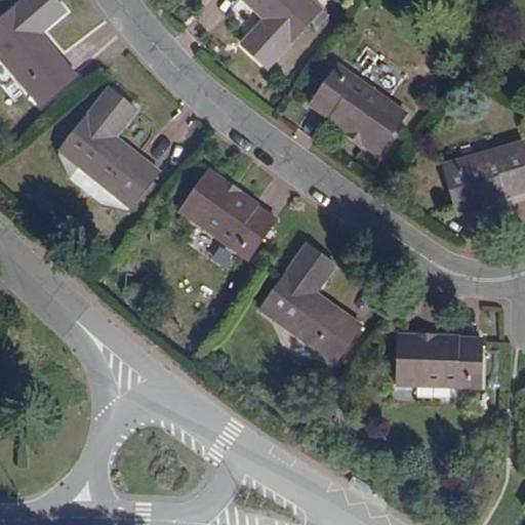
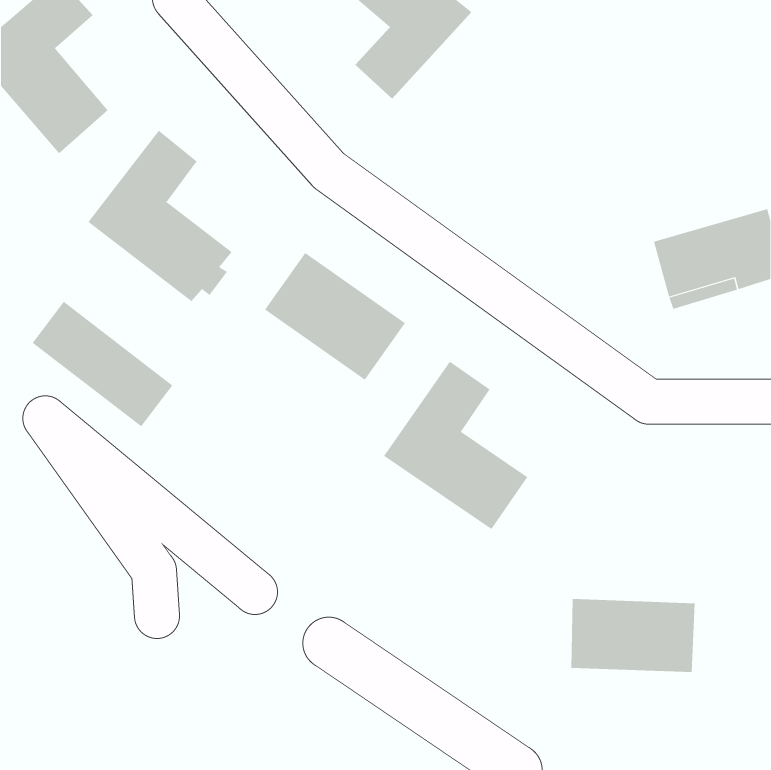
building: [310,65,405,151] -> none
building: none -> [32,301,173,427]
building: [397,336,482,387] -> [570,599,696,673]

